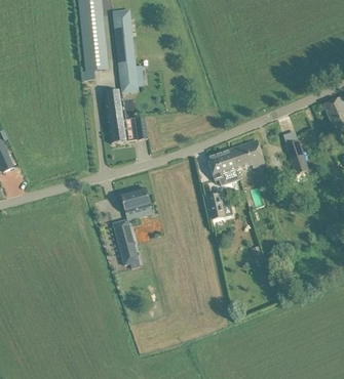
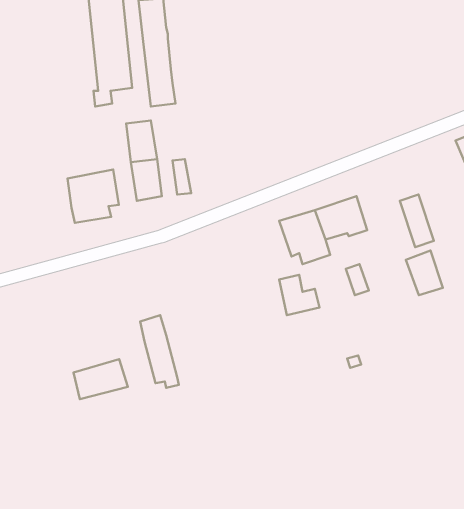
building: none -> [67,170,119,223]
building: none -> [406,250,443,295]
building: [120,186,150,212] -> none
building: none -> [74,359,128,399]

